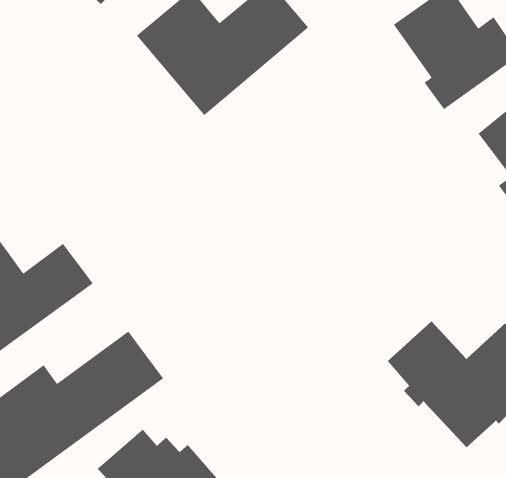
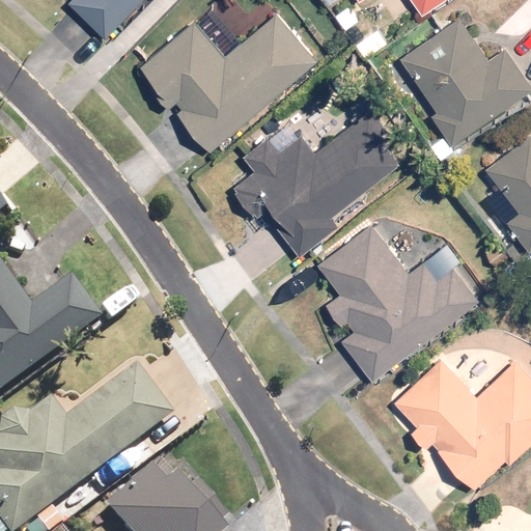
building: none -> [235,116,398,254]
building: none -> [319,225,476,381]

